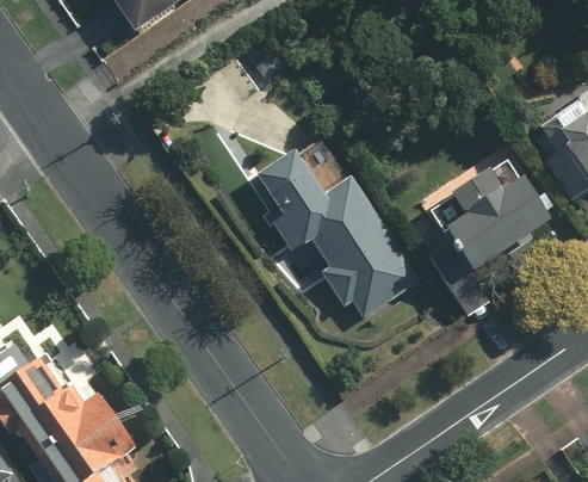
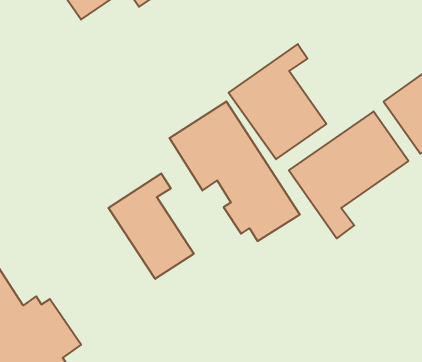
building: none -> [229,44,326,159]
building: none -> [109,173,194,279]

